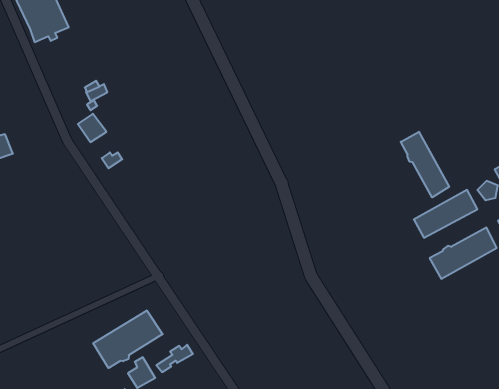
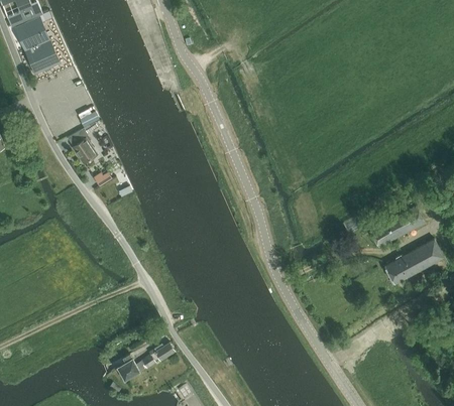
building: [401,132,449,197] -> none
building: [93,310,163,368] -> none

